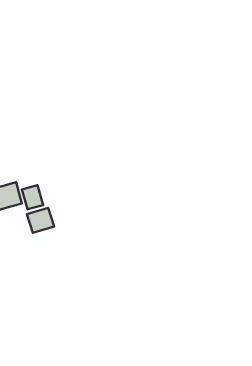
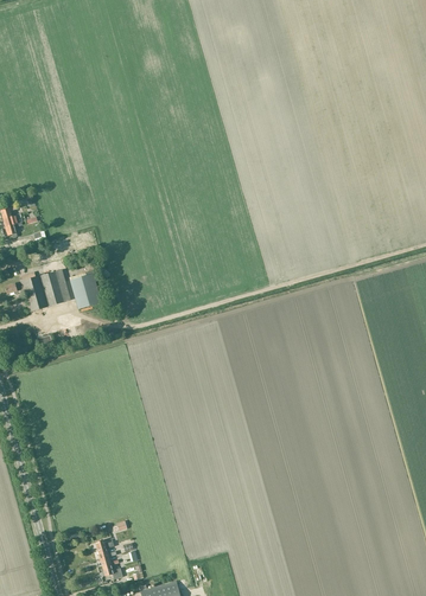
building: [27,208,54,233] -> none

